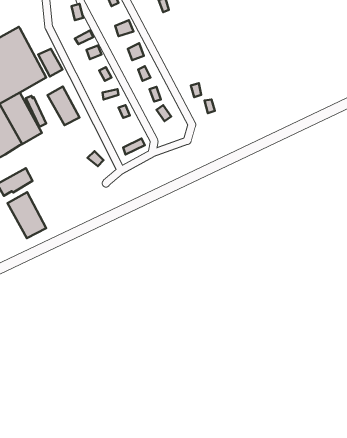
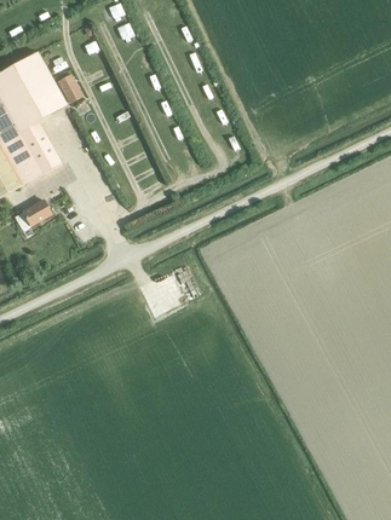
building: [47,87,80,125] -> none
building: [7,192,46,238] -> none

